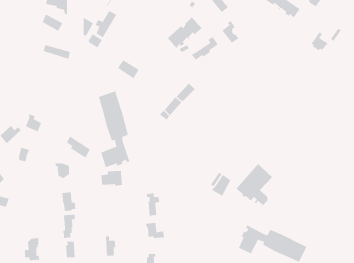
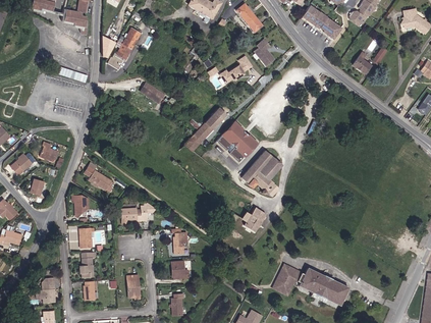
building: [167,16,202,49] -> none
building: [98,91,130,168] -> none
building: none -> [217,122,257,162]
building: [235,163,273,206] -> [241,150,282,197]

